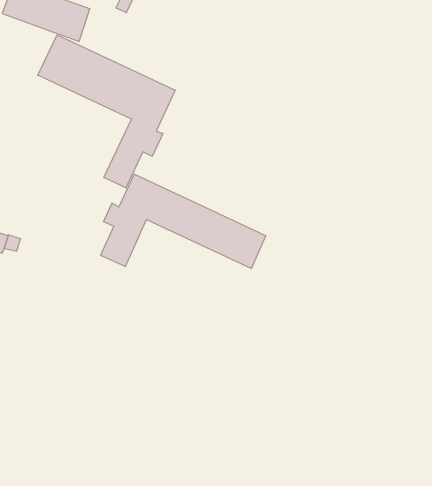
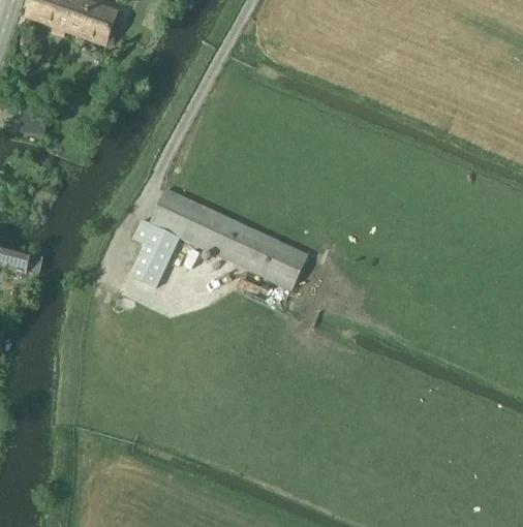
building: [38,35,175,188] -> none

